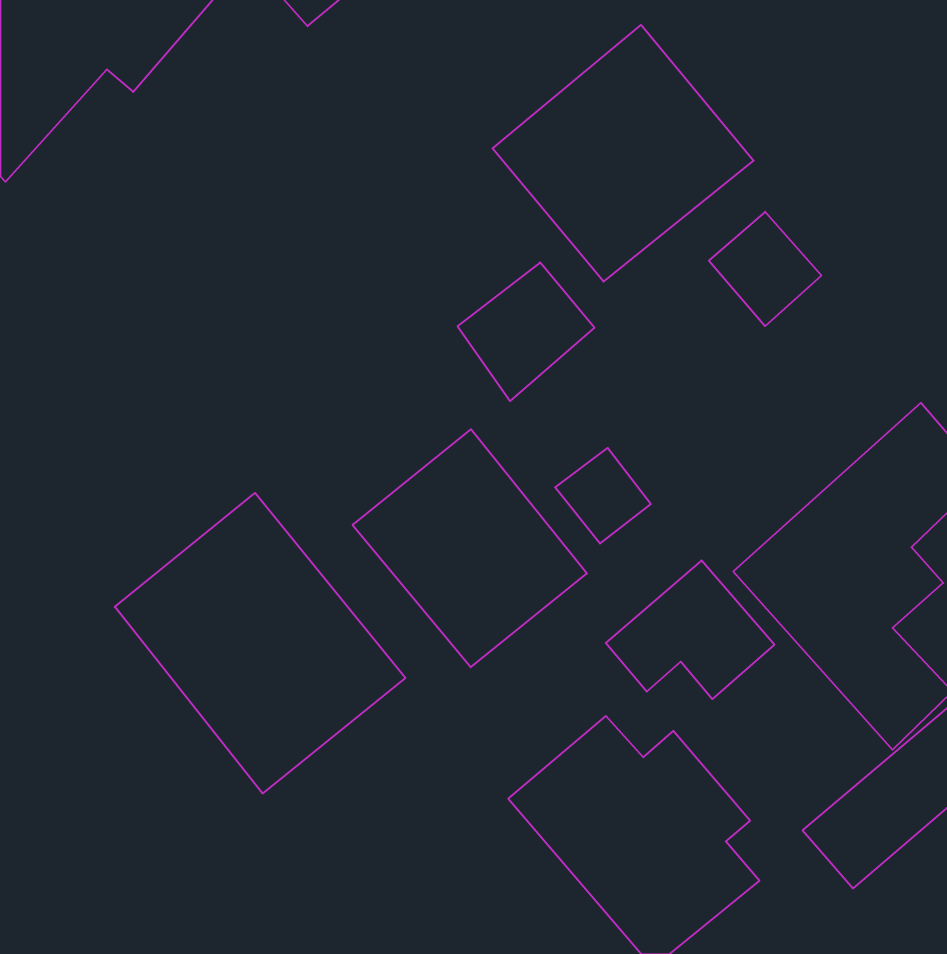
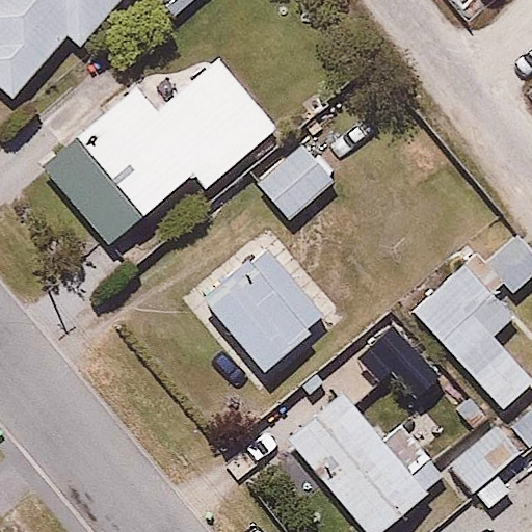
building: [493,25,754,282] -> none
building: none -> [39,60,277,241]
building: [115,493,405,793] -> none

